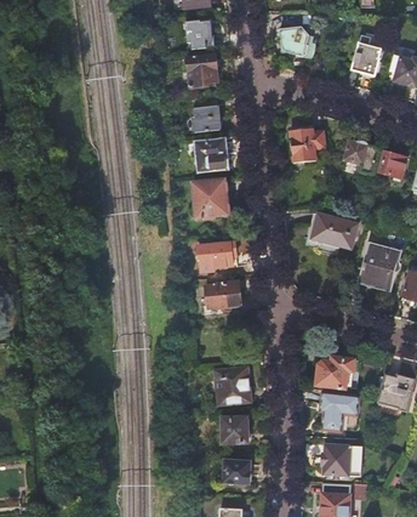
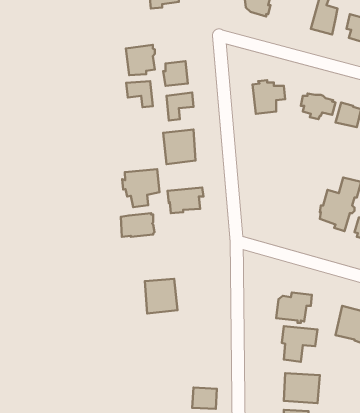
building: [185,55,217,87] -> [126,45,155,75]
building: none -> [126,81,153,107]
building: [312,214,358,249] -> none
building: none -> [122,169,160,207]
building: [205,280,241,306] -> [121,213,154,237]
building: [215,368,250,405] -> [145,279,177,313]
building: [221,417,246,443] -> none

